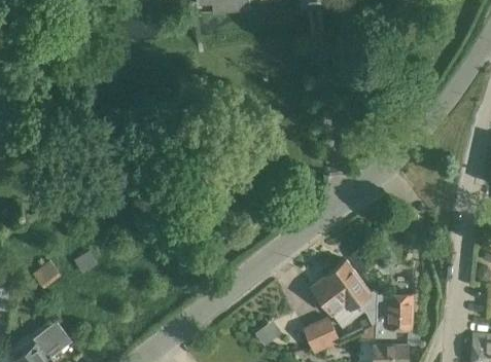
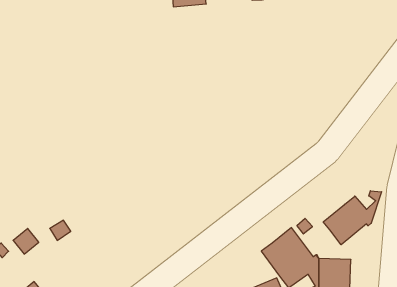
building: none -> [323,191,382,245]

